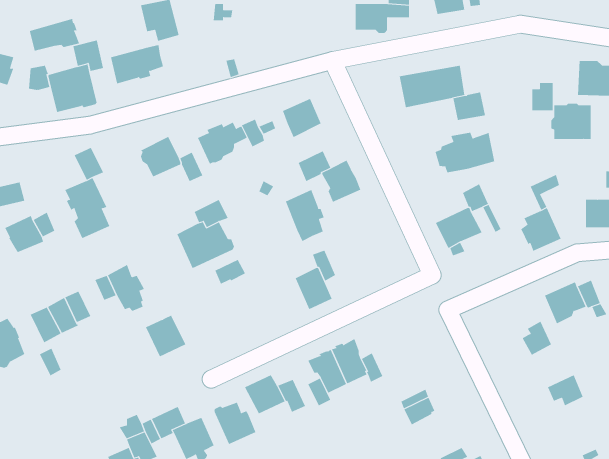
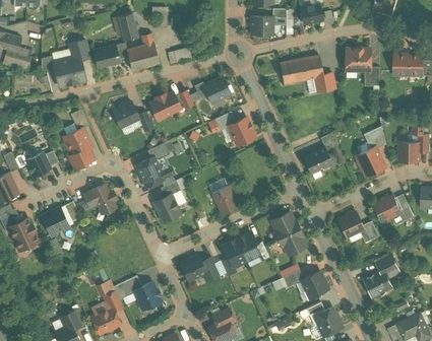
building: [29,18,80,52] -> none
building: none -> [126,32,160,70]
building: [550,103,591,139] -> [344,48,370,71]
building: [435,132,495,173] -> none
building: [285,189,324,242] -> none
building: none -> [271,211,306,255]
building: none -> [338,211,364,236]
building: [145,314,186,357] -> [153,194,180,221]
building: none -> [363,270,392,299]
building: none -> [301,271,328,298]
building: [214,402,256,445] -> none

